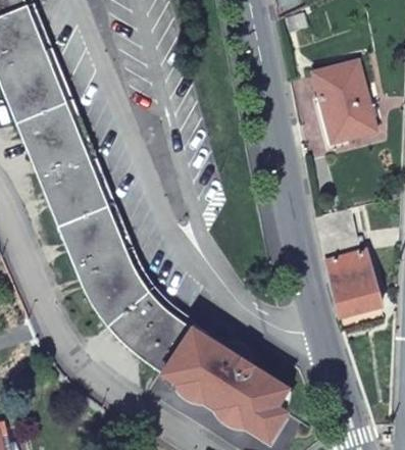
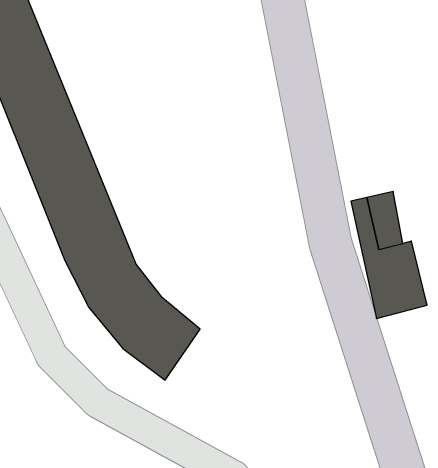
building: [316,62,375,141] -> none
building: [162,326,284,432] -> none

